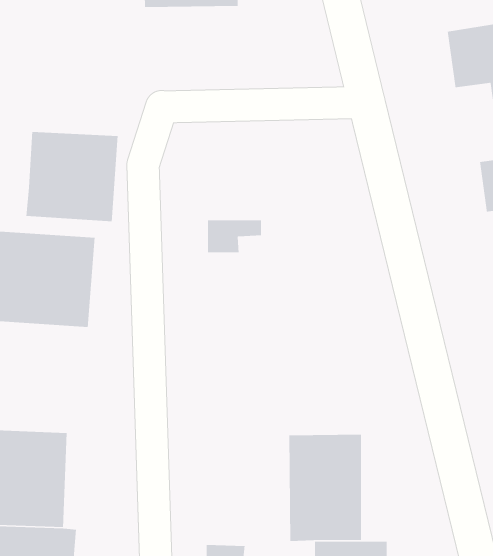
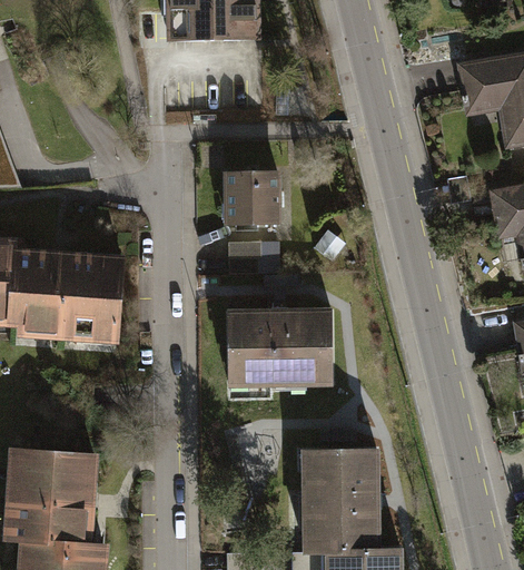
building: [25,131,119,222] -> none
building: none -> [227,178,279,227]
building: none -> [229,309,333,387]

